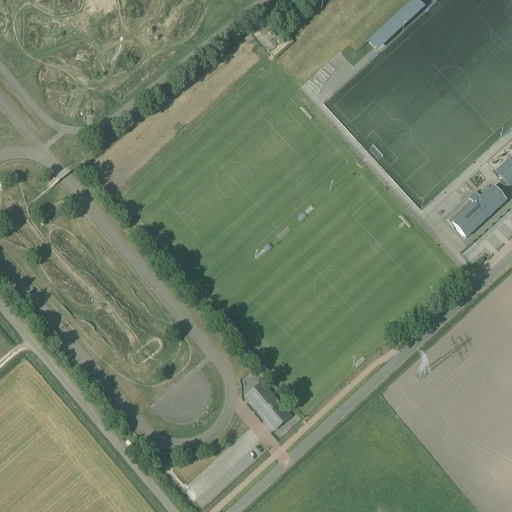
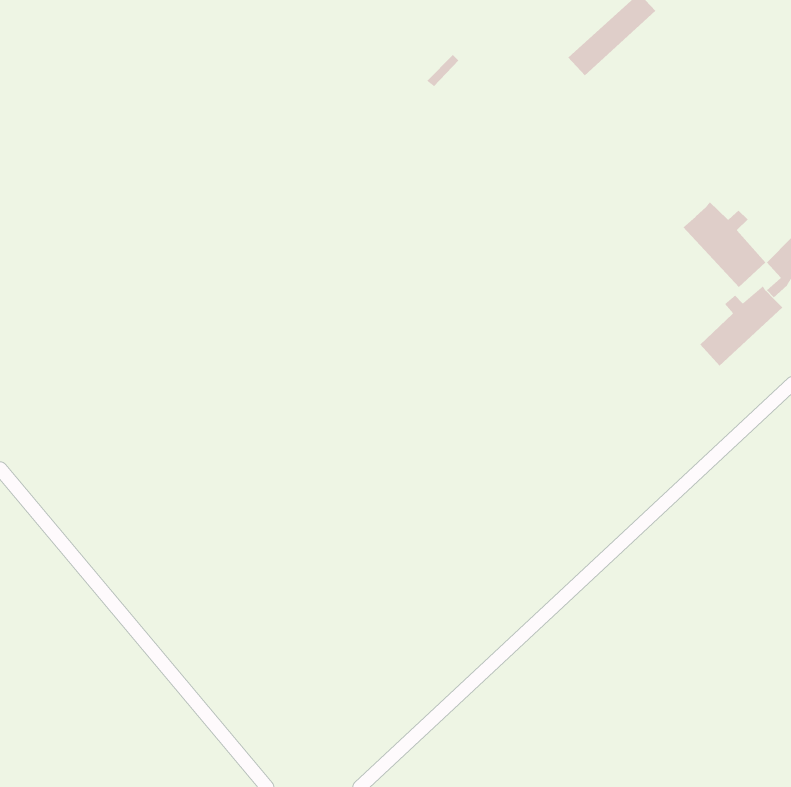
building: none -> [683,202,766,288]
building: [245,381,291,430] -> none

